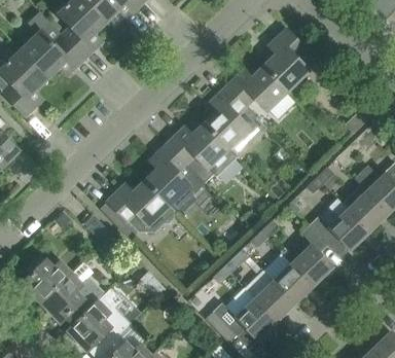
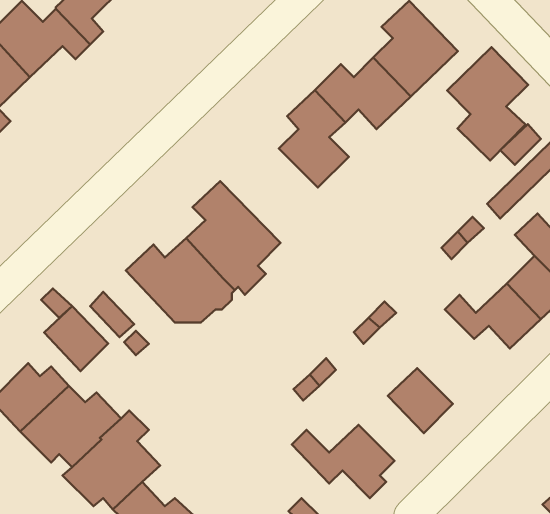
building: none -> [447,47,528,160]
building: [167,123,228,183] -> none
building: none -> [44,306,108,371]
building: [291,225,332,285] -> none
building: [254,280,295,321] -> none

